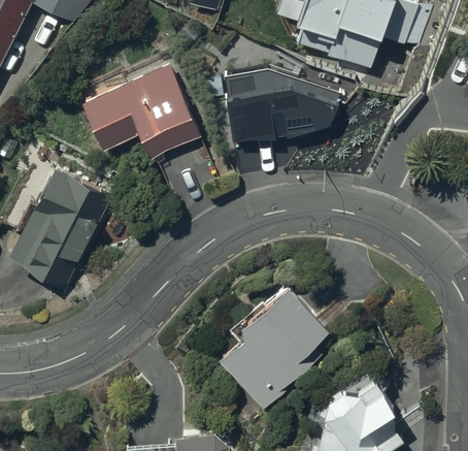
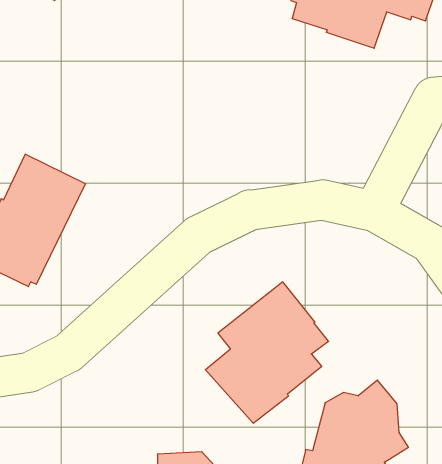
building: [83,66,201,158] -> none
building: [226,68,341,142] -> none

